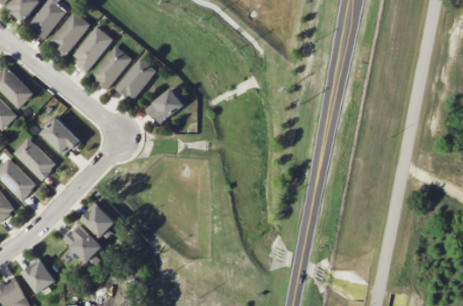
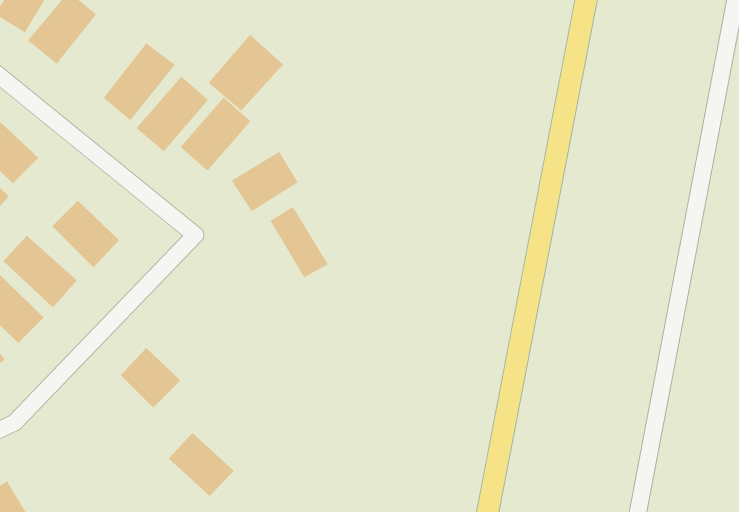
building: [50,10,89,55] -> none
building: none -> [208,34,284,112]
building: none -> [270,206,329,278]
building: [64,224,103,261] -> [168,432,234,497]
building: [22,259,56,294] -> none

